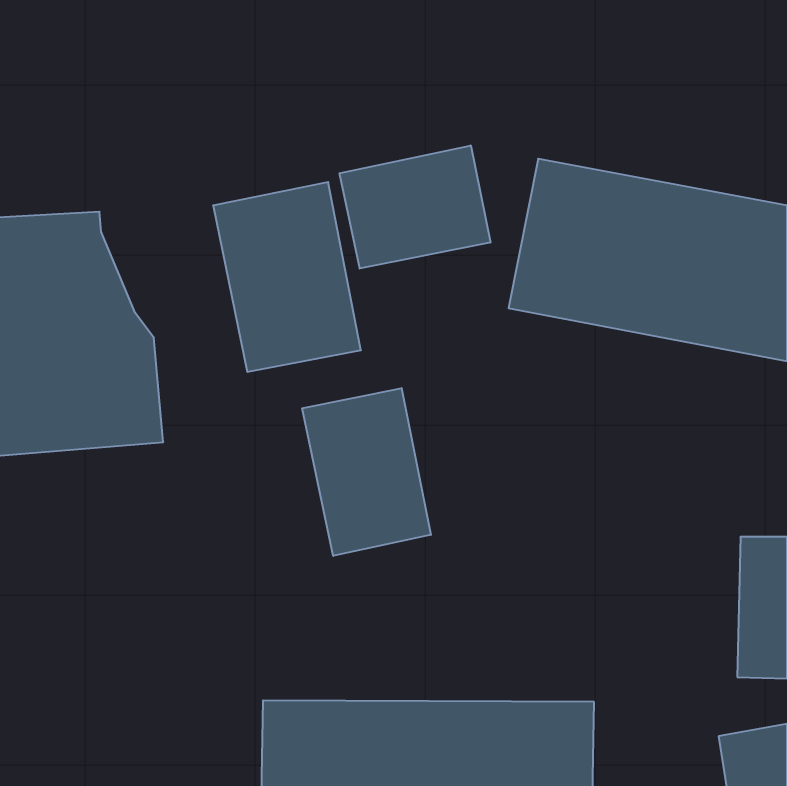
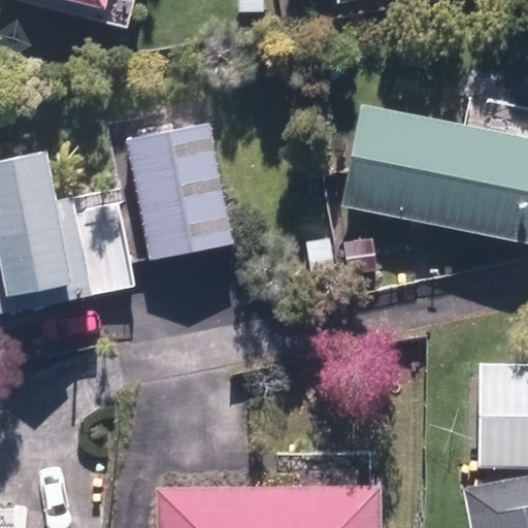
building: [339,145,490,269] -> none
building: [302,388,431,556] -> none

